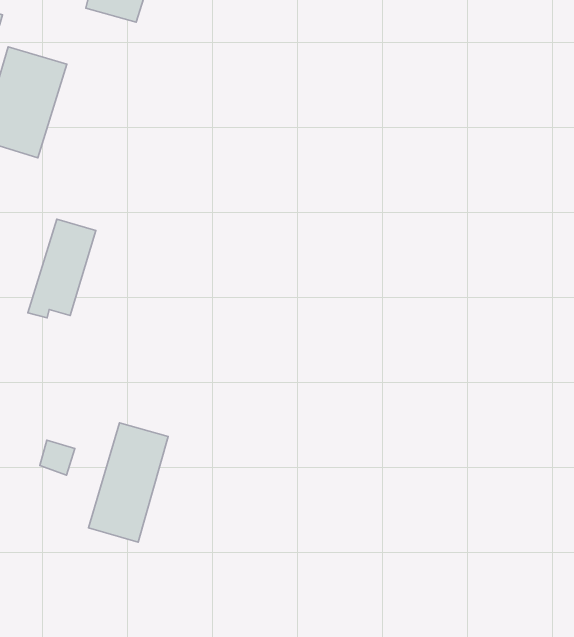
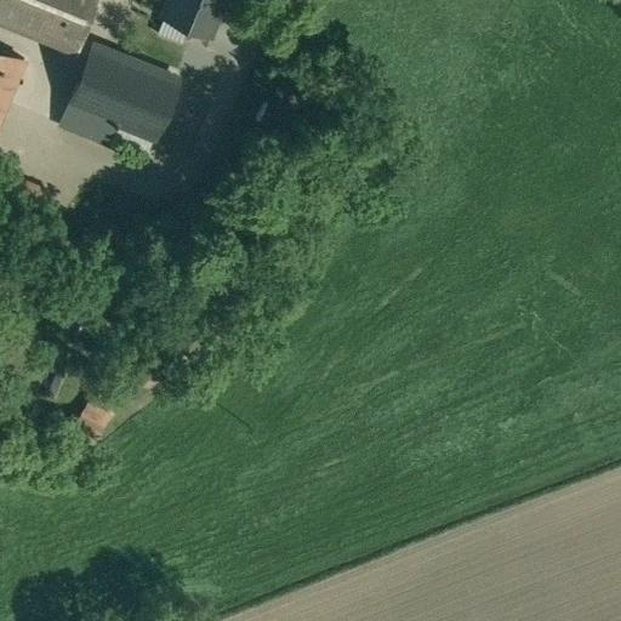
building: [28,219,96,318] -> [110,64,178,152]
building: [89,423,168,542] -> none

